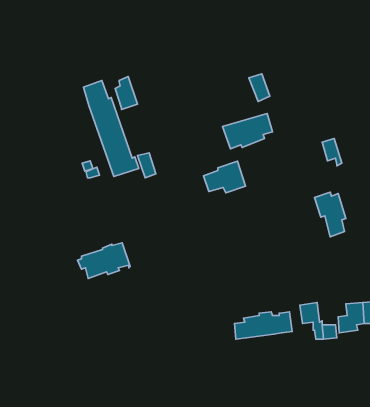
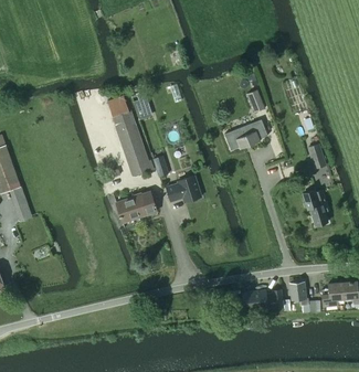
building: [203,161,245,193] -> [166,176,201,202]
building: [78,243,130,278] -> [113,191,157,221]

